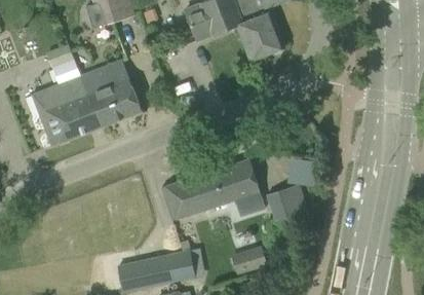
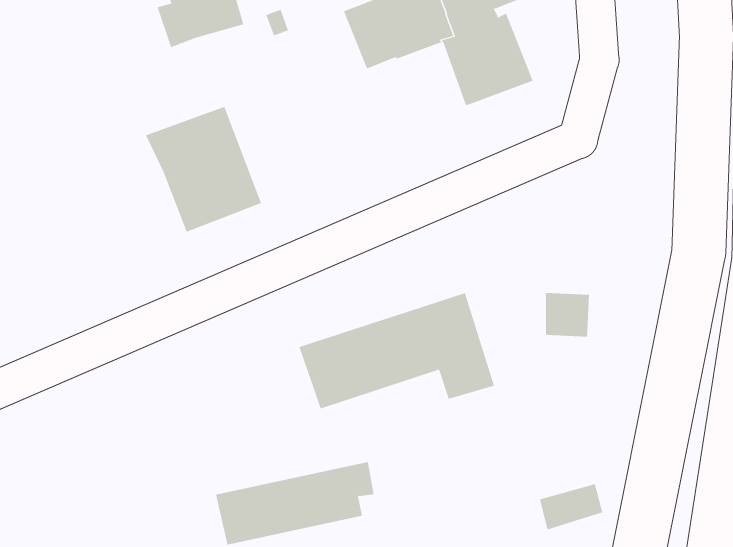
building: [32,43,102,146] -> none
building: [267,184,307,220] -> none
building: [234,245,268,269] -> [539,484,603,530]

